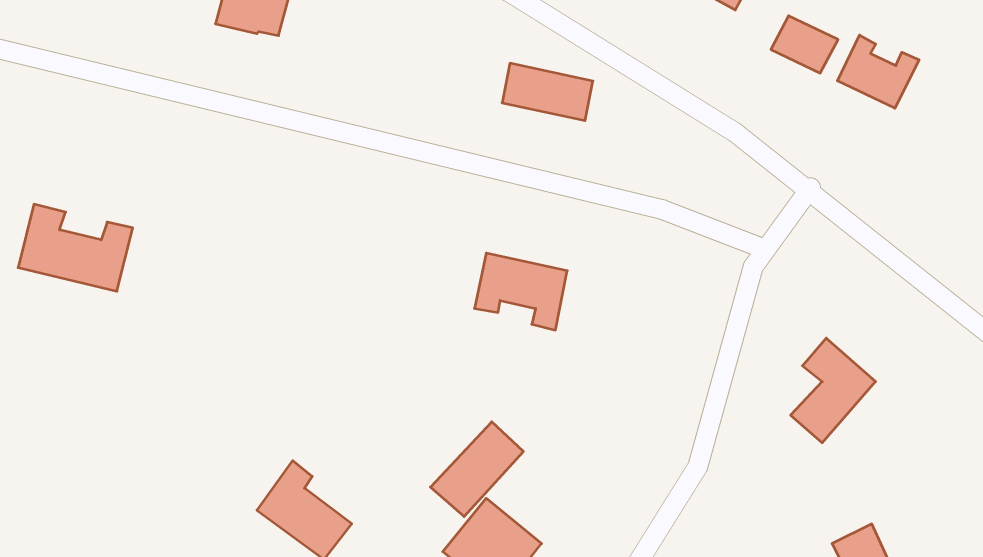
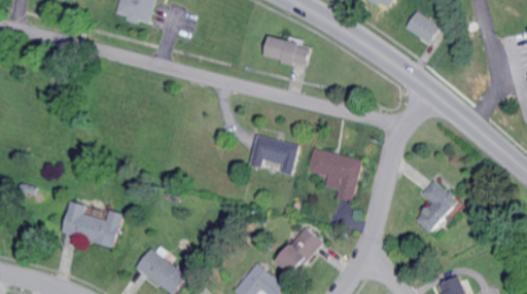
building: [837,35,919,108] -> none
building: [18,204,133,291] -> [63,201,122,247]
building: none -> [307,148,361,201]
building: [430,422,523,517] -> [275,227,323,277]

